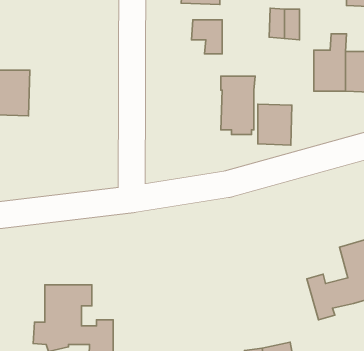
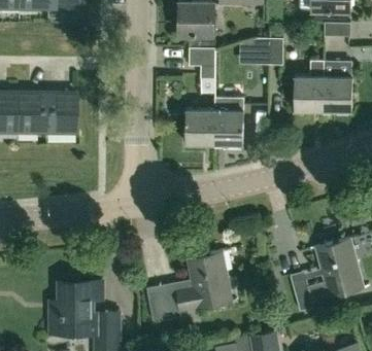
building: none -> [44,92,74,132]
building: [258,104,292,145] -> [184,108,214,144]
building: none -> [146,250,229,321]

